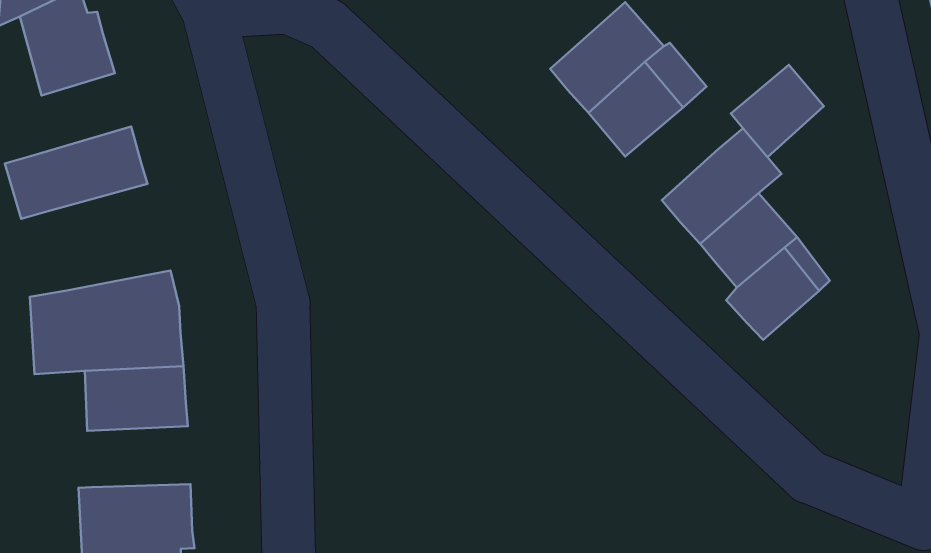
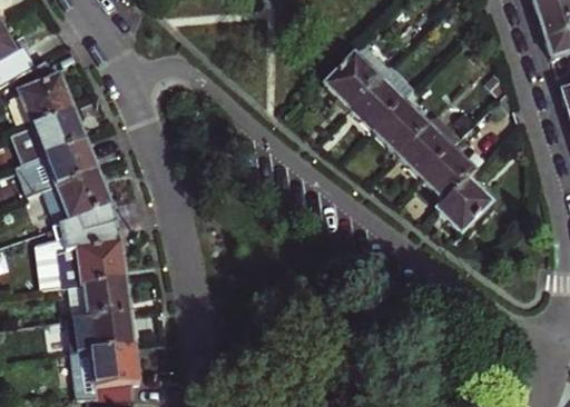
building: [731,65,824,157] -> [372,98,425,152]
building: none -> [17,107,85,159]
building: none -> [40,169,115,235]
building: none -> [75,307,137,347]

